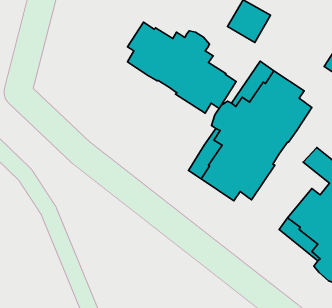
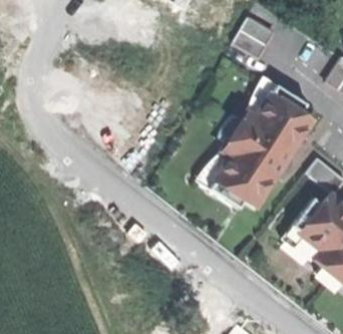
building: [127,22,236,113] -> none

